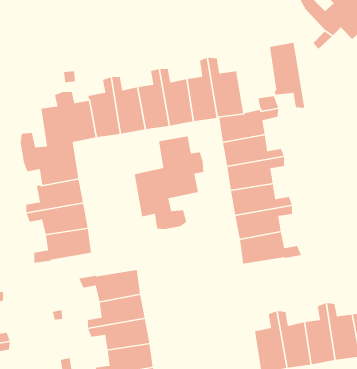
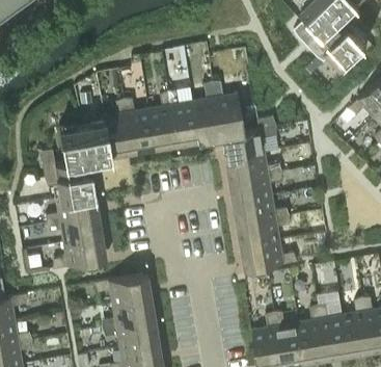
building: [269,42,305,108] -> none
building: [134,136,204,230] -> none

